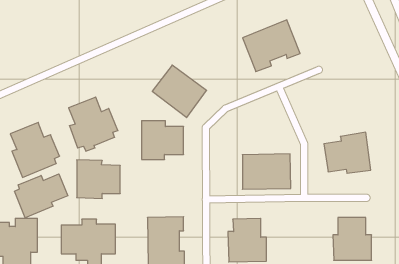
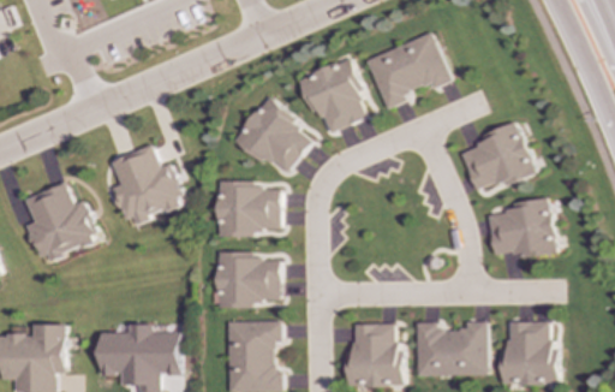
building: none -> [298,58,366,133]
building: none -> [460,121,535,190]
building: [242,154,291,189] -> [414,325,485,376]
building: [77,160,120,198] -> [216,251,280,308]
building: [14,174,68,218] -> none

